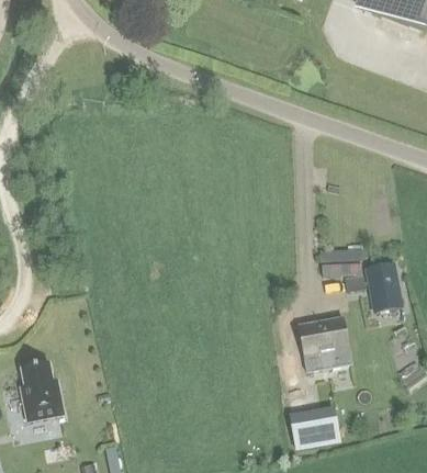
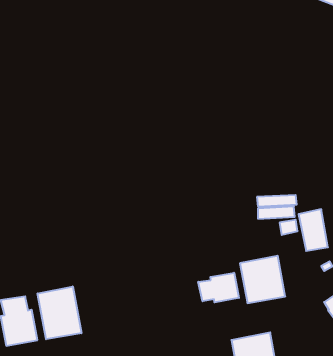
building: none -> [198,273,239,302]
building: none -> [38,286,81,339]

